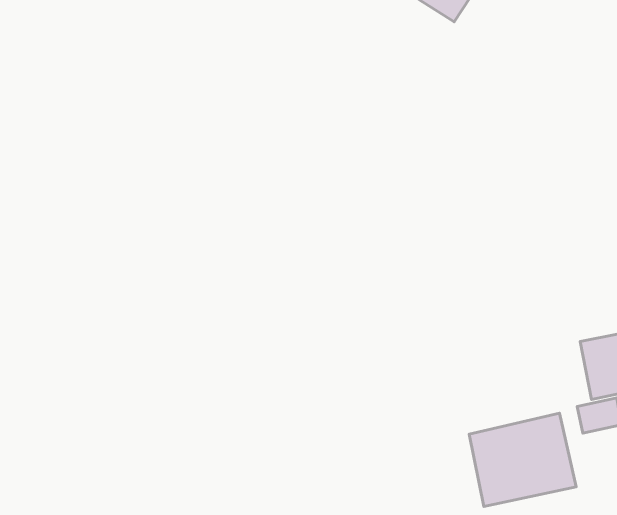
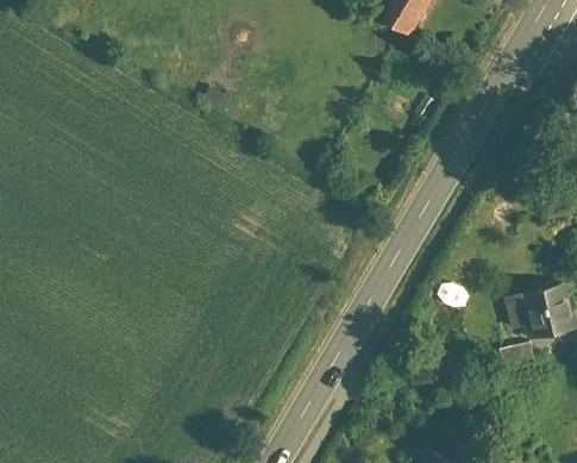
building: [469,413,576,507] -> none

